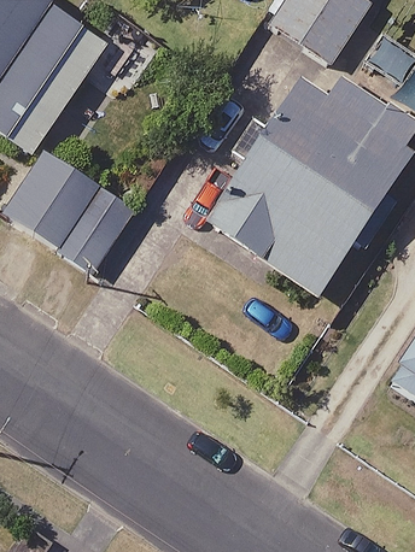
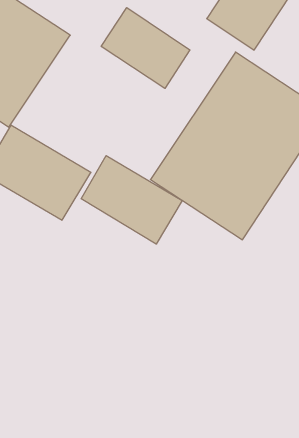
building: none -> [101,8,190,88]
building: none -> [81,156,182,244]

